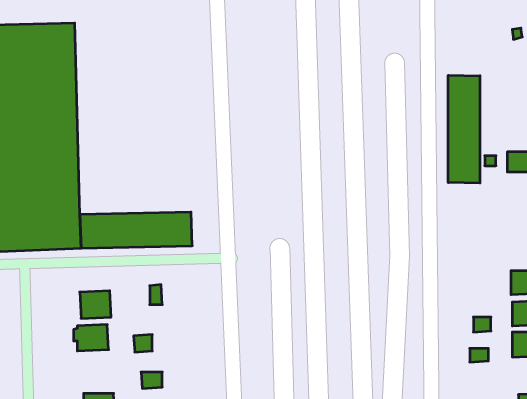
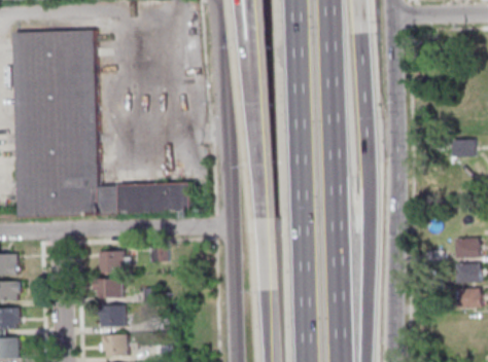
building: [448,75,480,183] -> none
building: none -> [99,306,126,328]

